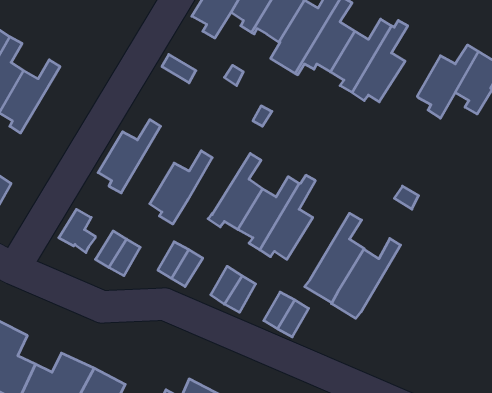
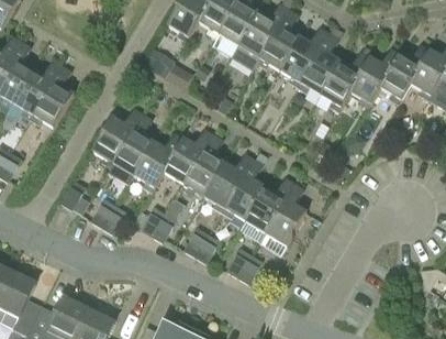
building: none -> [320,52,369,111]
building: none -> [30,65,74,127]
building: none -> [109,113,154,186]
building: none -> [165,130,215,185]
building: [331,238,401,318] -> [239,178,296,243]

